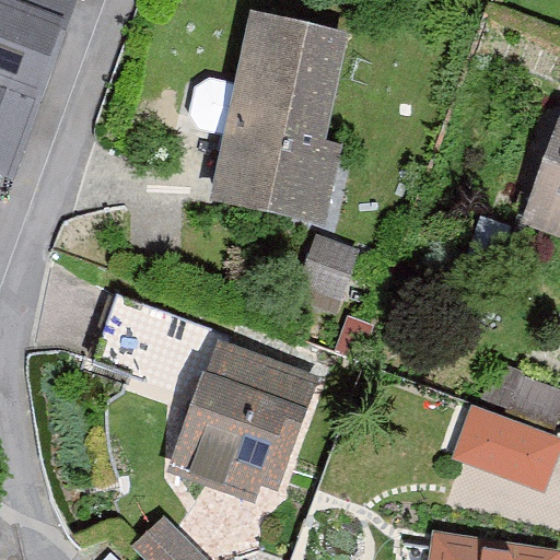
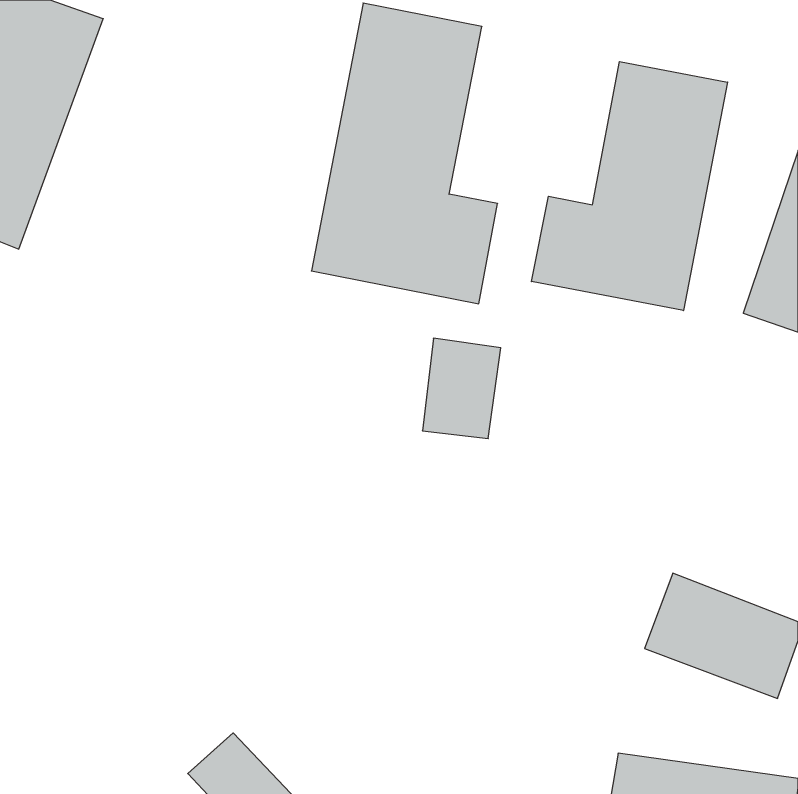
building: none -> [531,62,728,311]
building: [166,338,318,501] -> none

